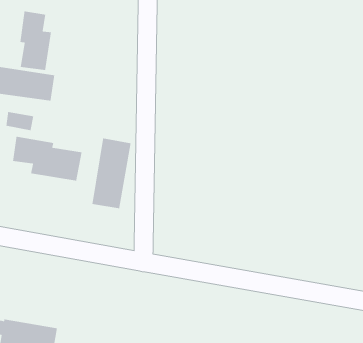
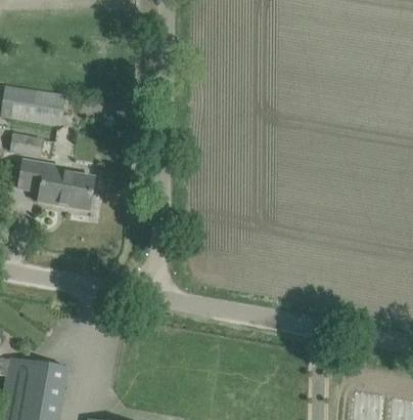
building: [20,11,52,71] -> none
building: [92,138,132,209] -> none

